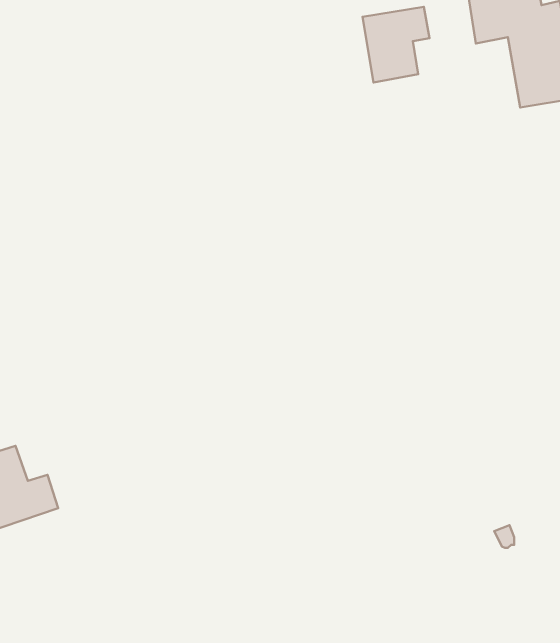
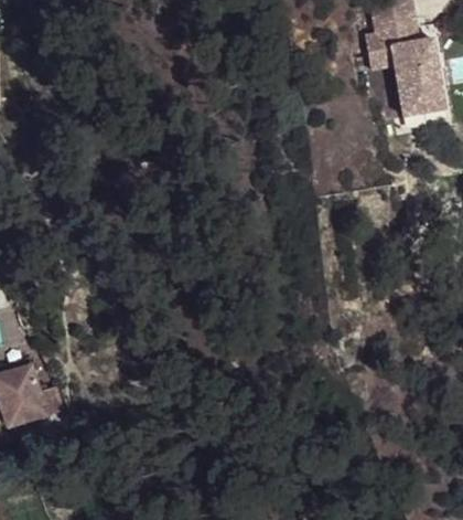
building: [362,7,429,82] -> none

